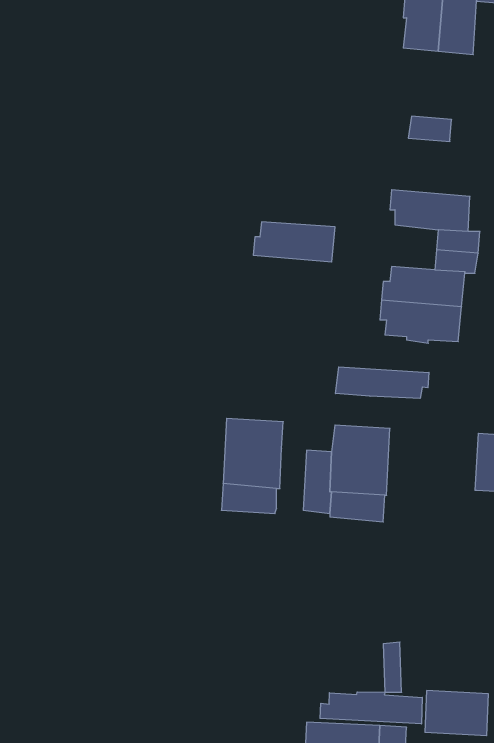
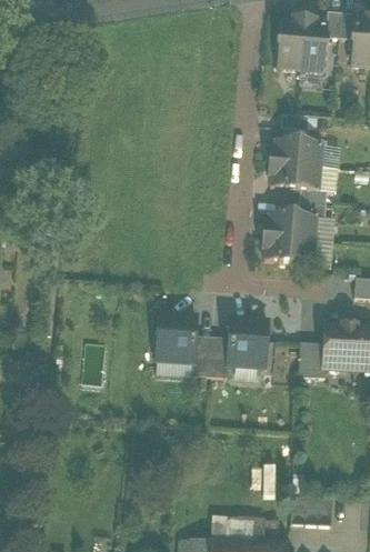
building: [253,222,335,262] -> [269,140,323,167]
building: [336,367,429,398] -> none
building: none -> [192,334,212,375]
building: none -> [299,342,326,377]
building: [320,692,422,724] -> none

